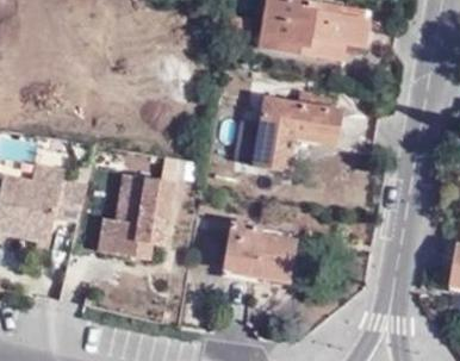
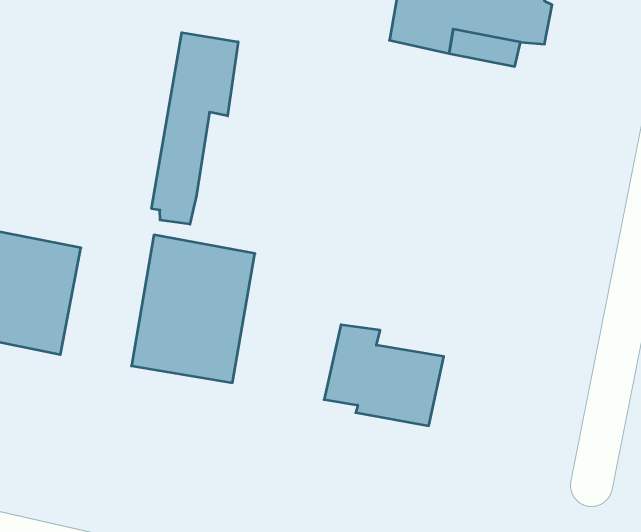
building: none -> [152,33,238,224]
building: [251,92,347,174] -> none

